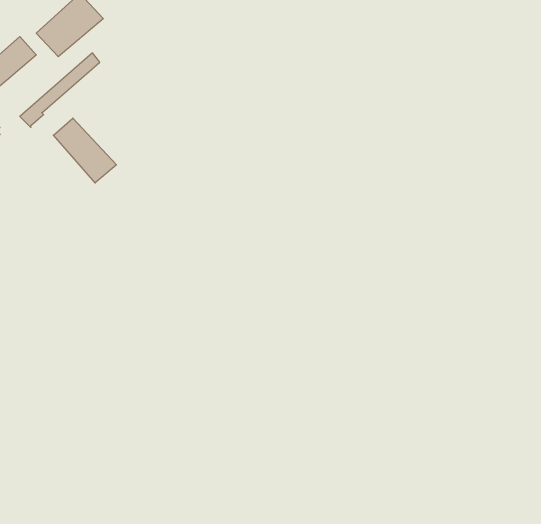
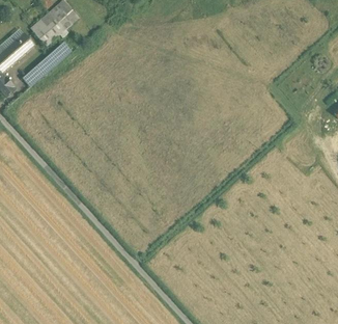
building: [53,118,116,183] -> none

